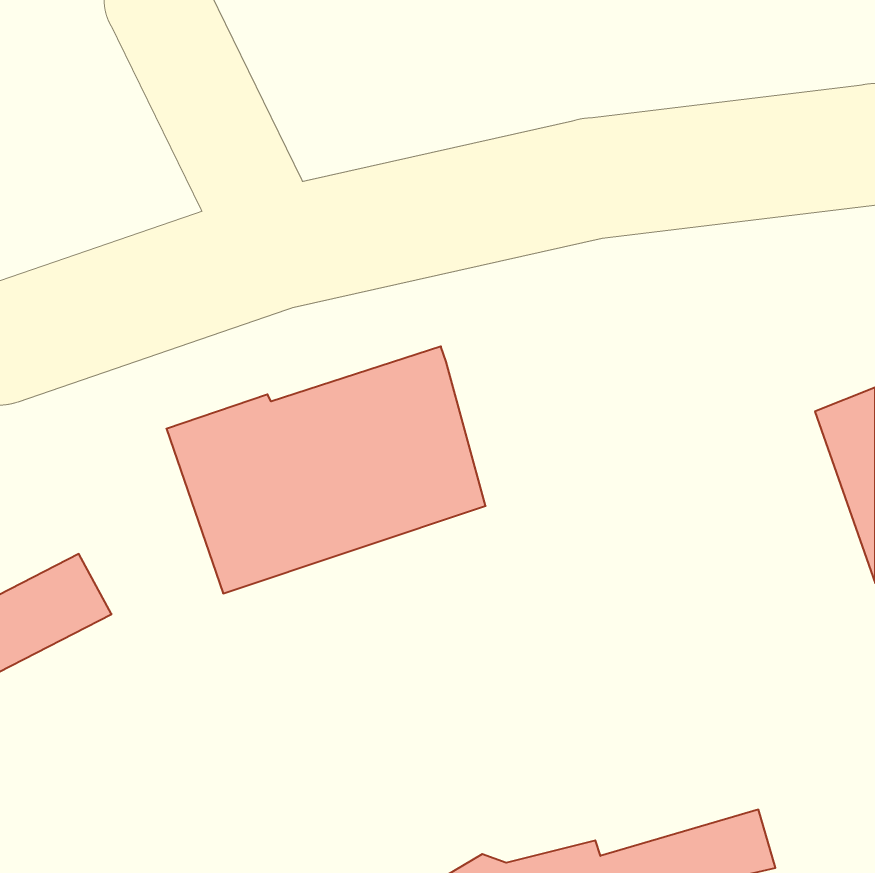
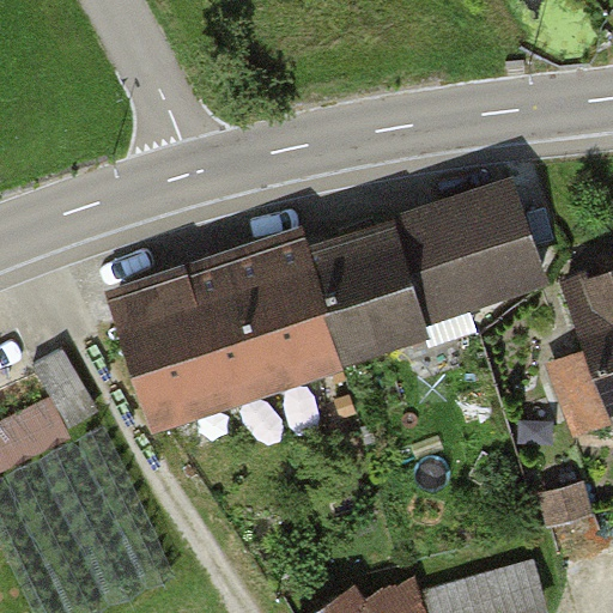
building: none -> [311,187,542,356]

